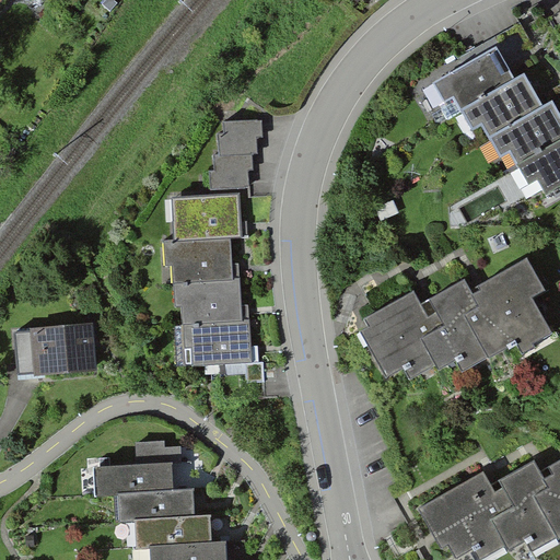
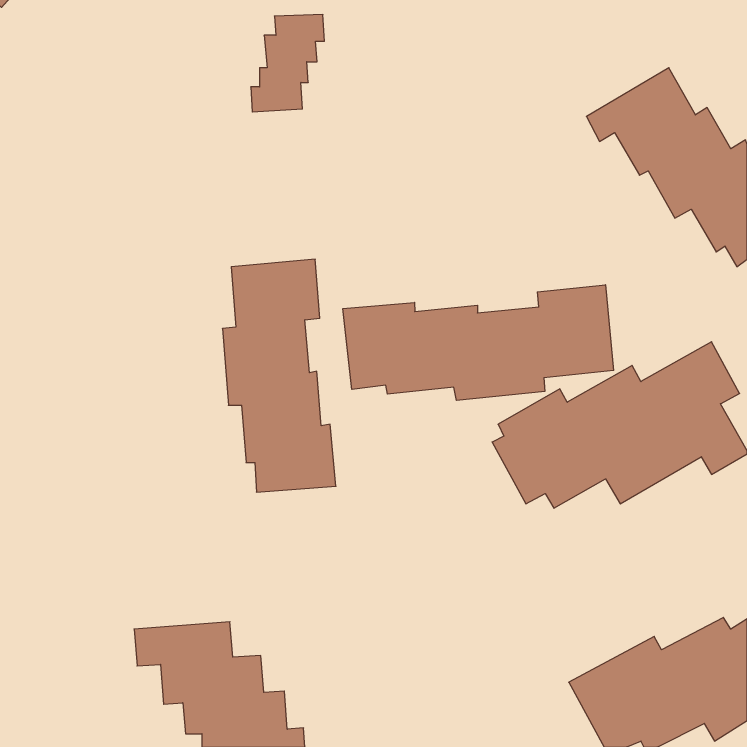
building: [212,121,267,194] -> [251,15,324,112]
building: none -> [343,285,614,400]
building: [33,323,100,376] -> none

